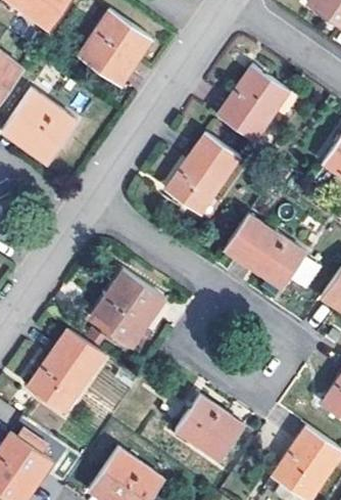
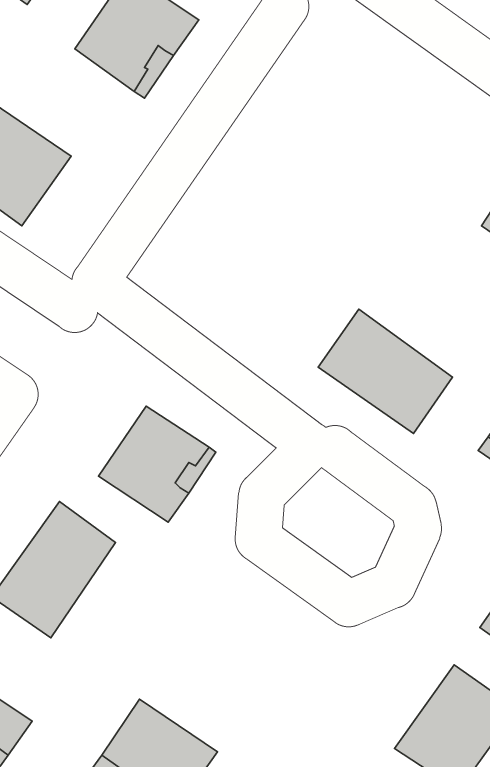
building: [217,65,289,141] -> none
building: [165,132,241,215] -> none
building: [174,396,243,462] -> none

